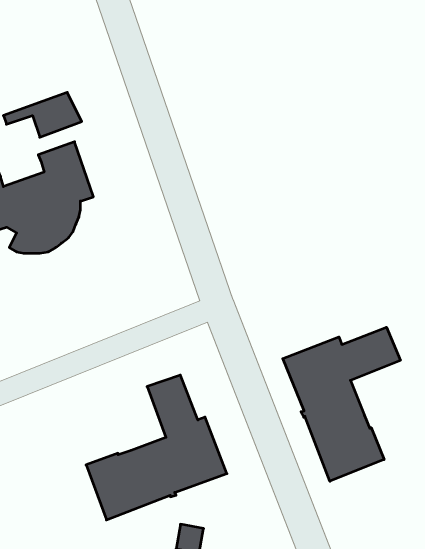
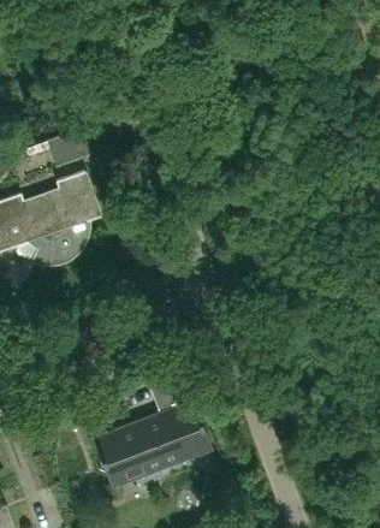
building: [283,327,400,481] -> none

